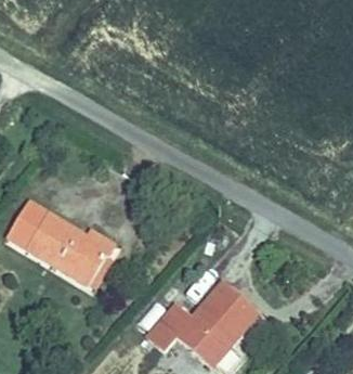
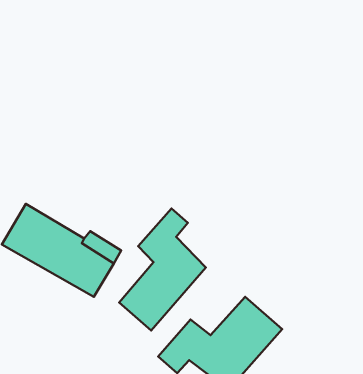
building: none -> [119,208,206,330]

